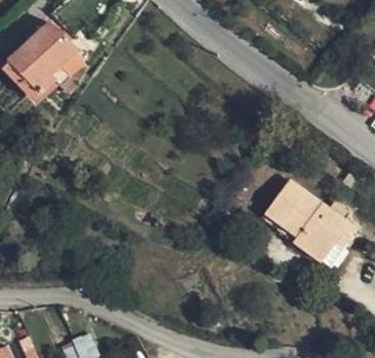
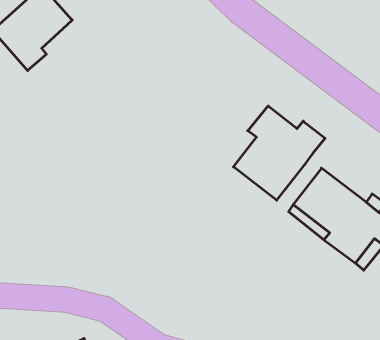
building: none -> [233,106,325,200]

